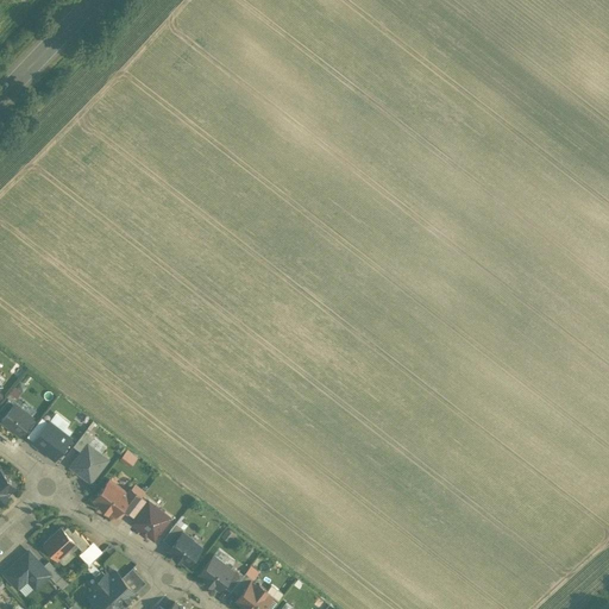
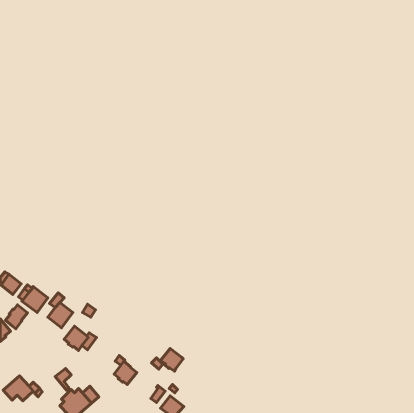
building: none -> [6,305,28,329]
building: [132,502,170,540] -> none
building: [43,528,75,560] -> none
building: [199,557,232,590] -> [161,348,183,371]

